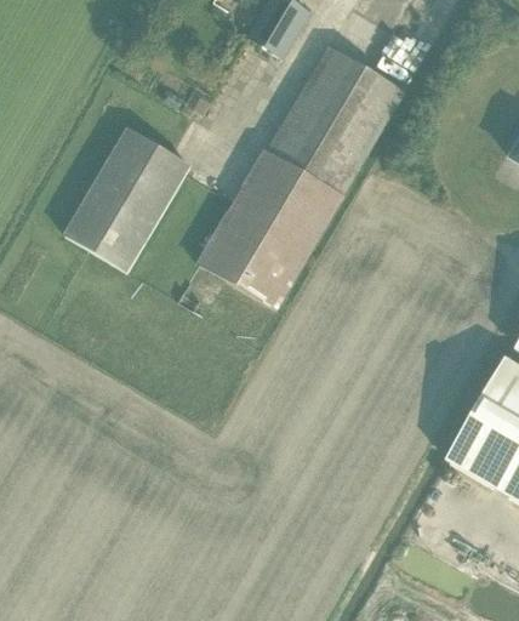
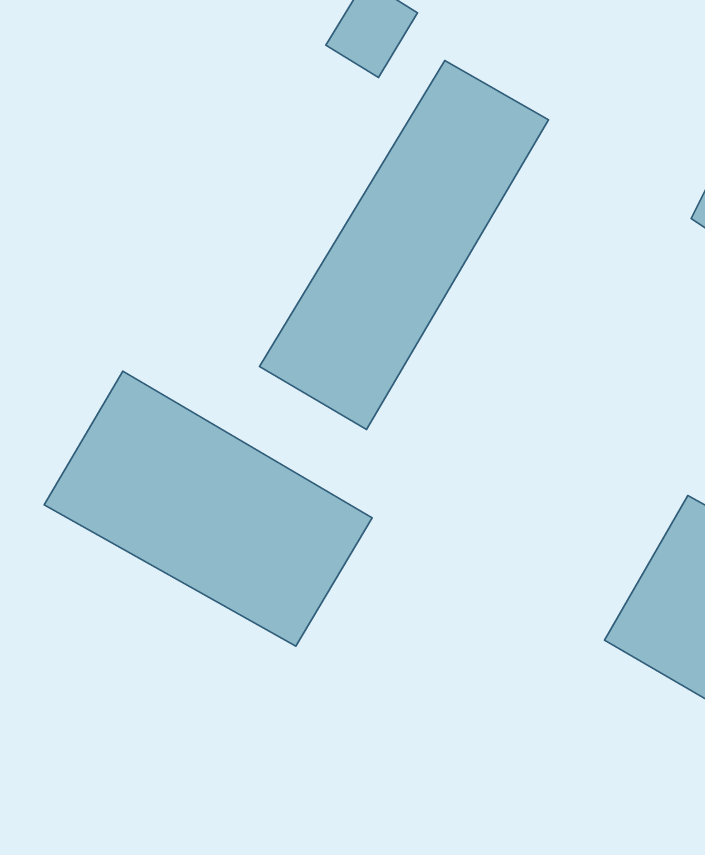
building: [63,124,193,270] -> none
building: none -> [44,371,372,646]

